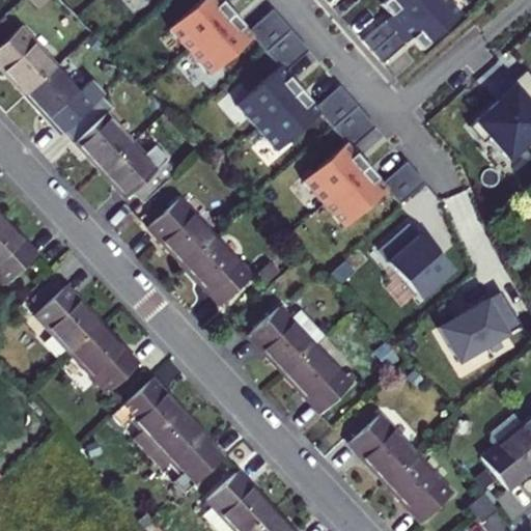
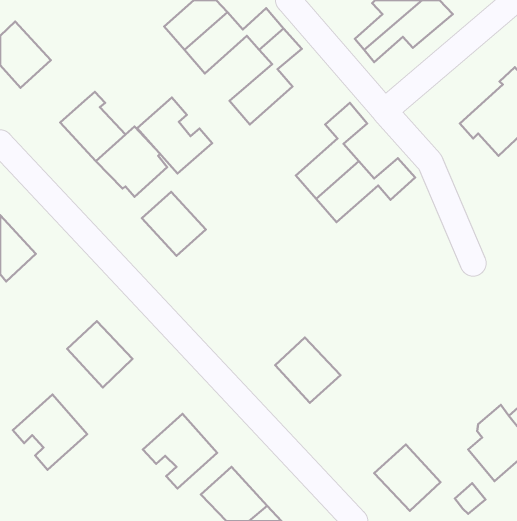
building: [25,61,101,124] -> none
building: [258,85,360,150] -> none
building: none -> [137,98,212,174]
building: [184,233,250,300] -> none
building: [390,233,455,298] -> none
building: [36,286,103,355] -> none
building: [441,288,523,361] -> none
building: [248,304,324,371] -> none
building: [114,381,190,457] -> [13,394,87,470]
building: [348,413,417,481] -> none

